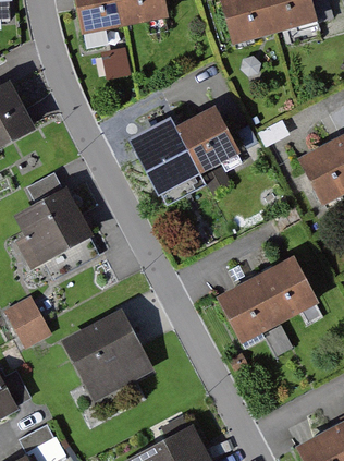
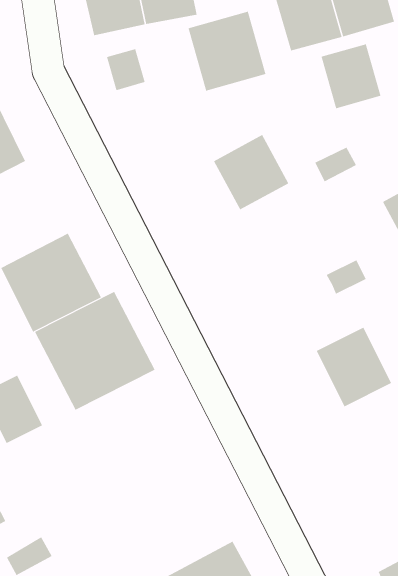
building: none -> [188,11,266,92]
building: none -> [321,43,381,109]
building: [139,130,198,189] -> none
building: [220,277,279,339] -> none
building: [61,308,155,401] -> [34,291,155,411]

